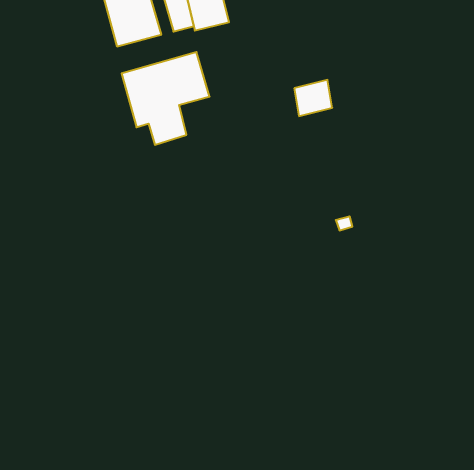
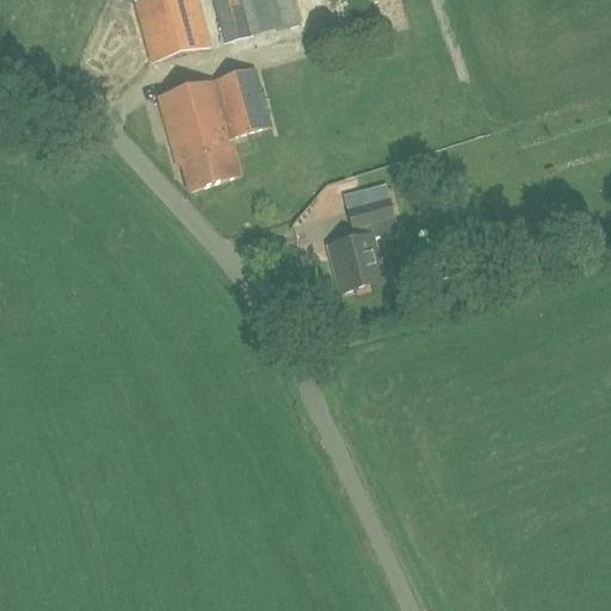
building: [294,80,332,116] -> [345,180,394,227]
building: none -> [327,232,383,290]

